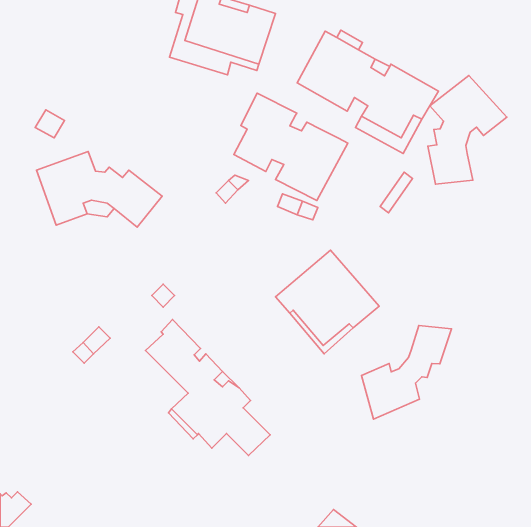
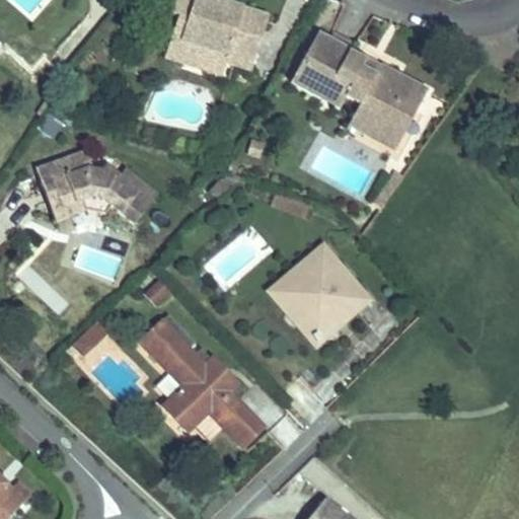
building: [428,75,507,184] -> none
building: [234,93,348,201] -> none
building: [361,326,451,419] -> none

